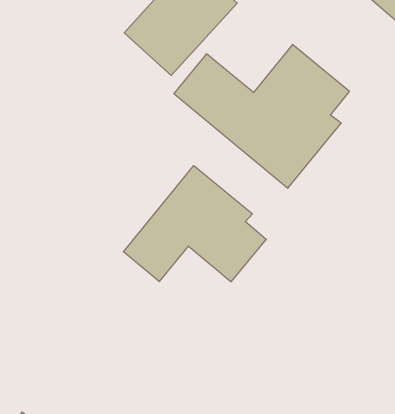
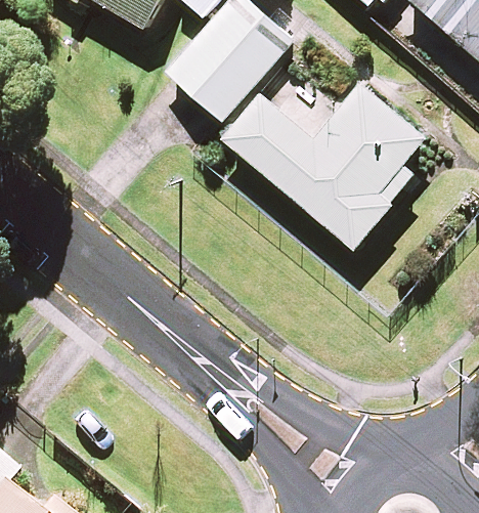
building: [123,166,266,282] -> none

